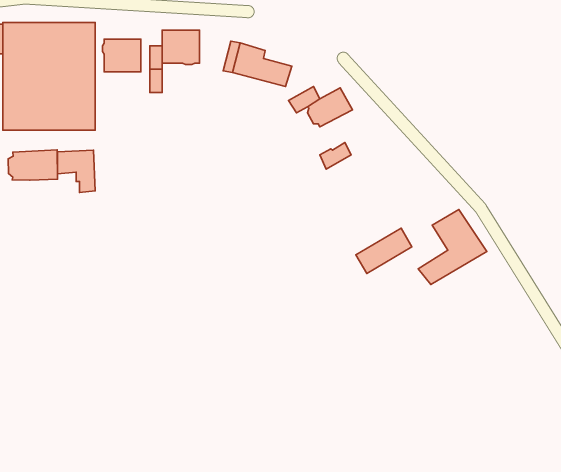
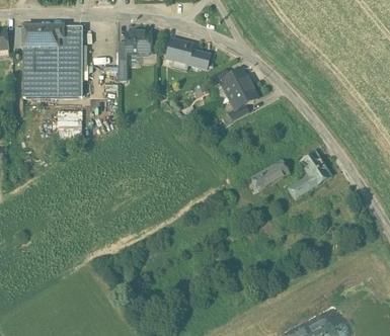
building: [103,39,141,72] -> none
building: none -> [228,82,257,108]
building: [8,150,58,180] -> none

